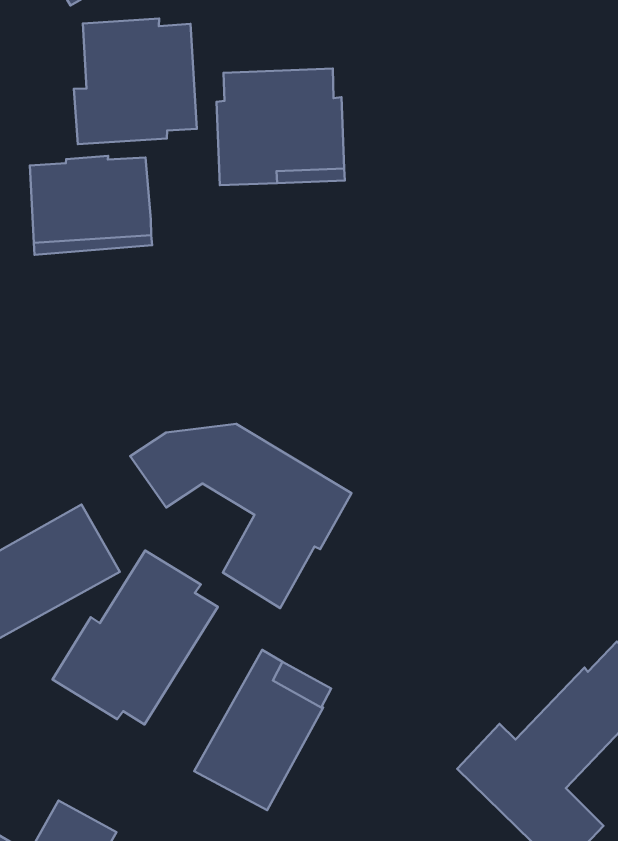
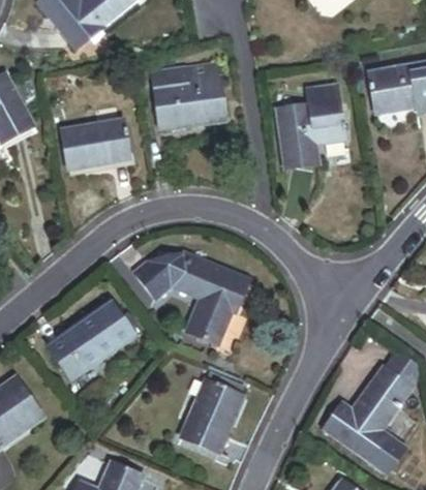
building: [74,18,197,144] -> none
building: none -> [279,84,347,166]
building: [53,550,218,724] -> none

